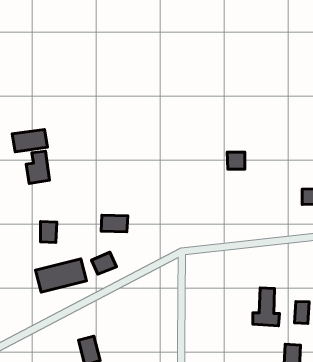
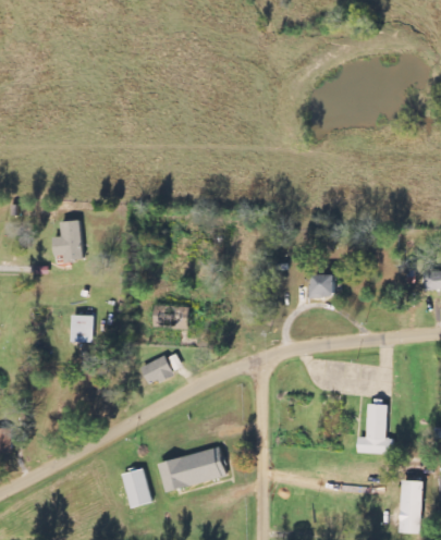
building: [12,129,48,152] -> none
building: [227,152,245,169] -> [309,273,333,296]
building: [36,259,86,292] -> [158,446,226,491]
building: [295,301,309,323] -> none

